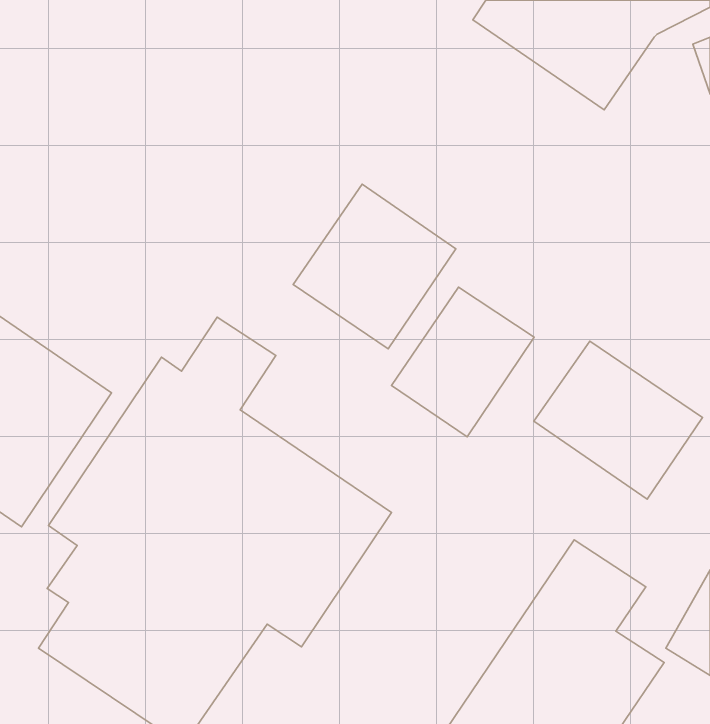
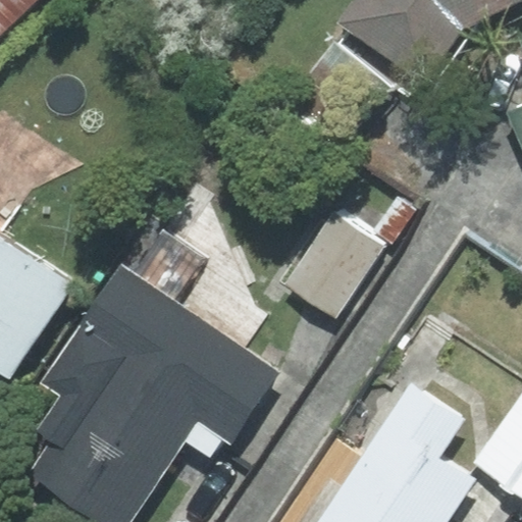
building: [293,184,456,349] -> none
building: [534,341,703,499] -> none

